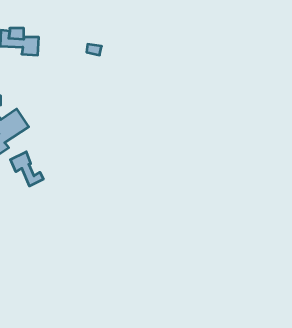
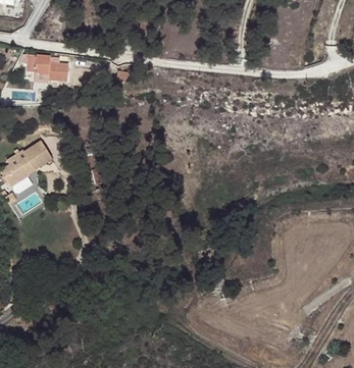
building: [10,152,43,186] -> none

